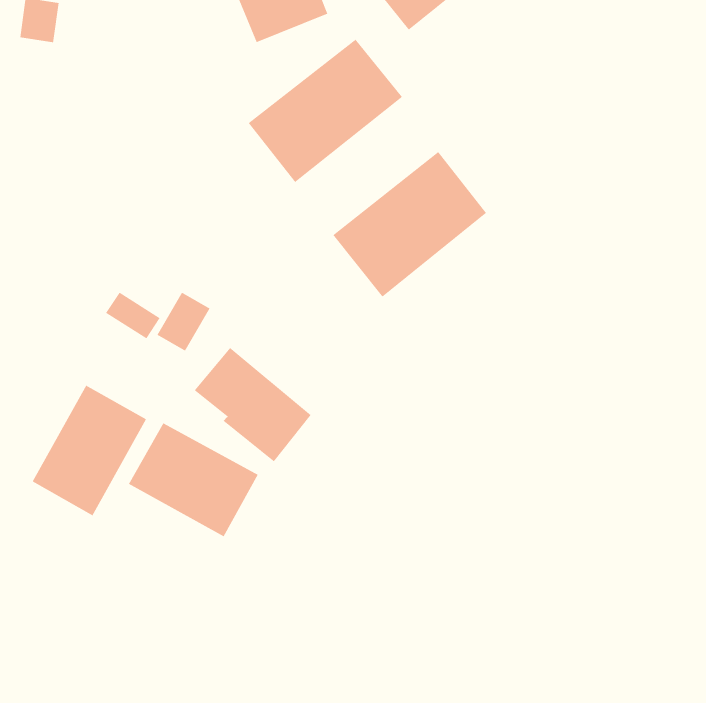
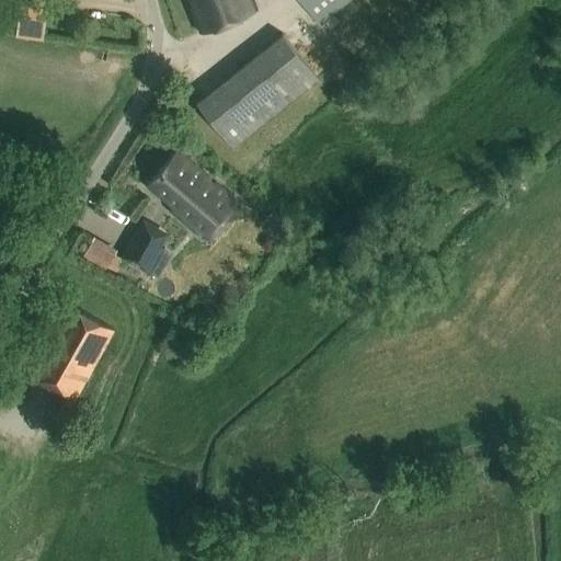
building: [333,151,487,297] -> none
building: [194,347,311,462] -> [147,154,240,245]
building: [128,423,258,537] -> none

